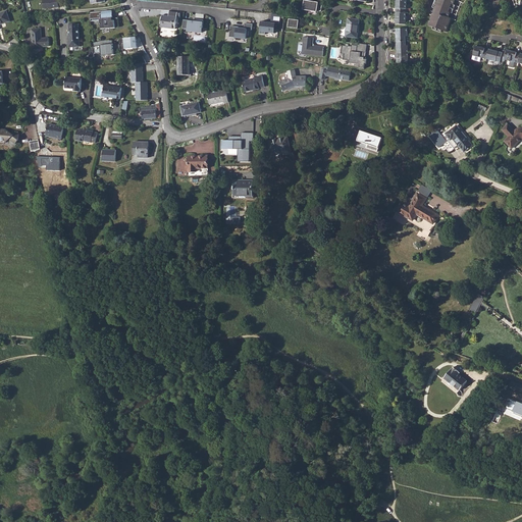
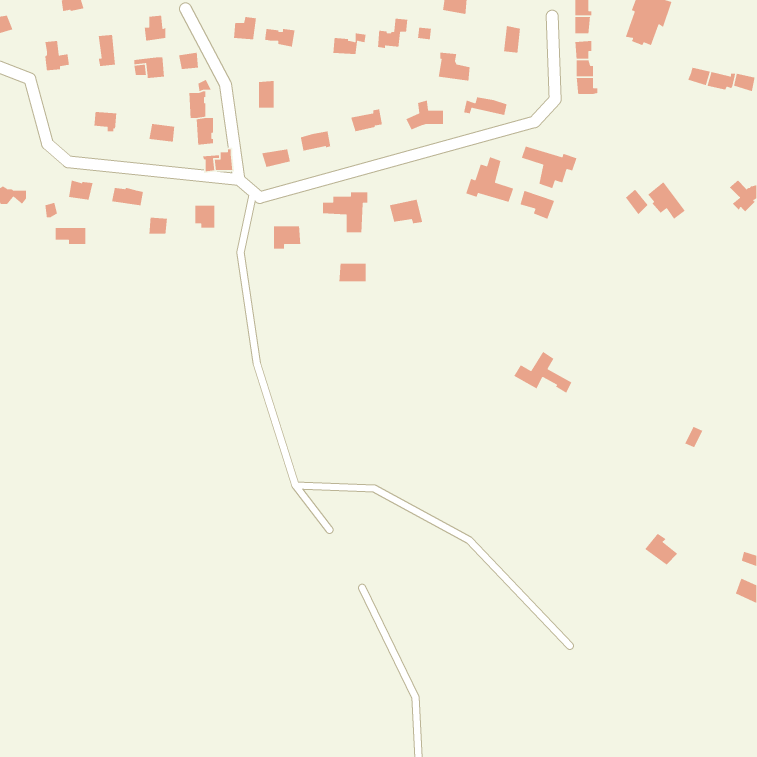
building: [340,42,366,65] -> none
building: none -> [521,145,577,189]
building: none -> [465,156,514,203]
building: [396,193,436,222] -> [513,351,572,394]

